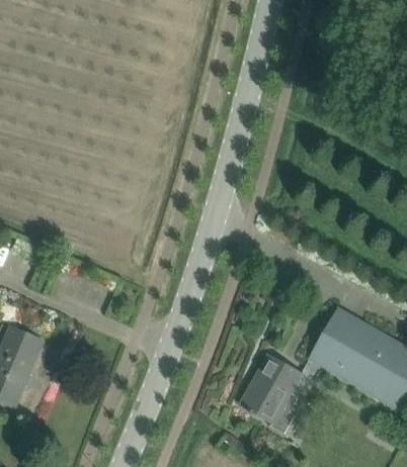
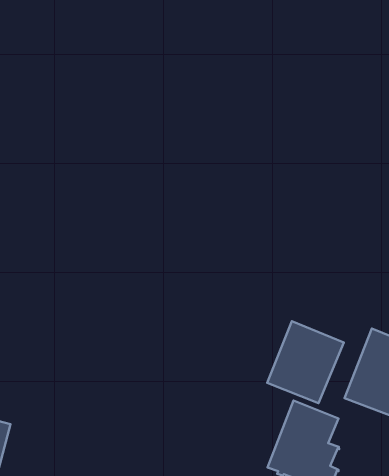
building: none -> [267,321,344,403]

